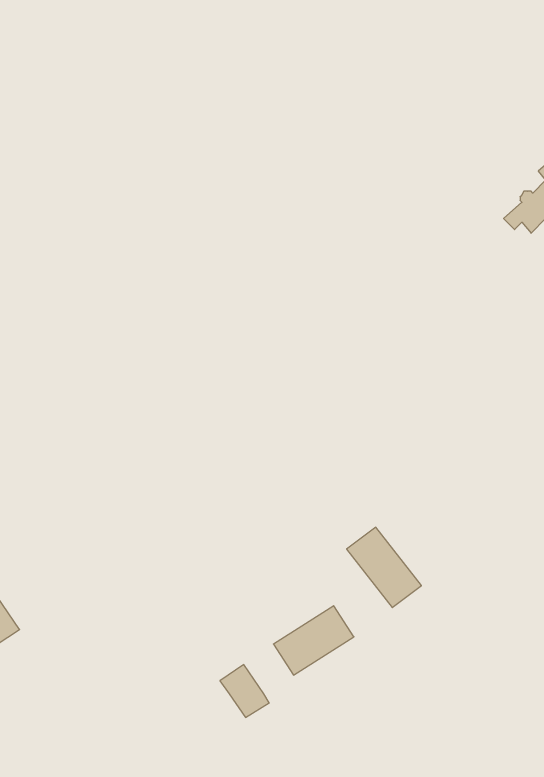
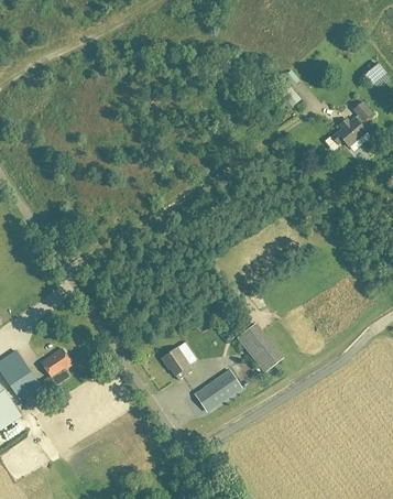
building: none -> [41,348,73,386]
building: [220,665,269,717] -> [162,348,192,380]

